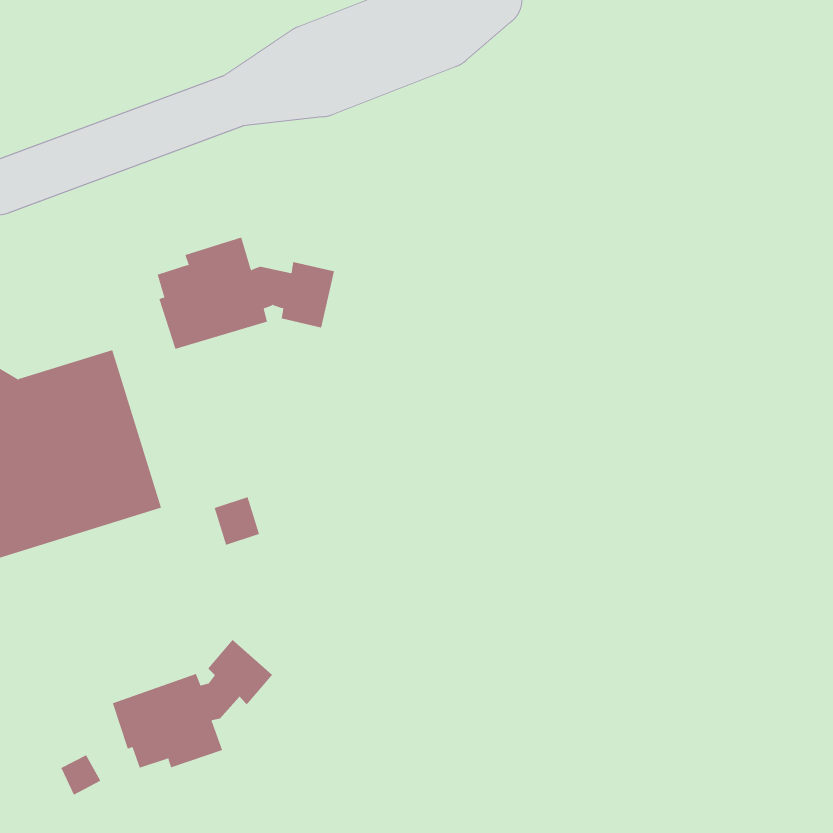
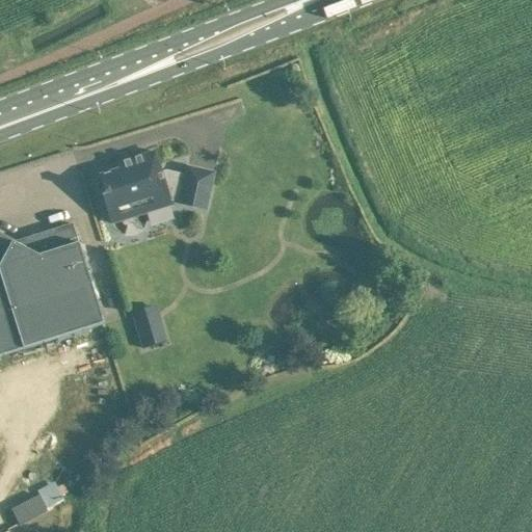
building: [112,639,273,769] -> none
building: none -> [10,495,47,525]

